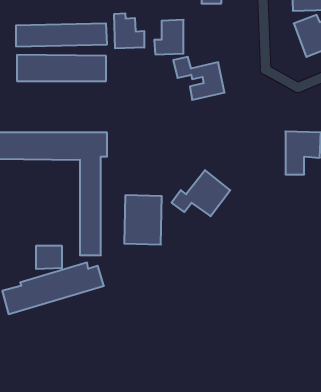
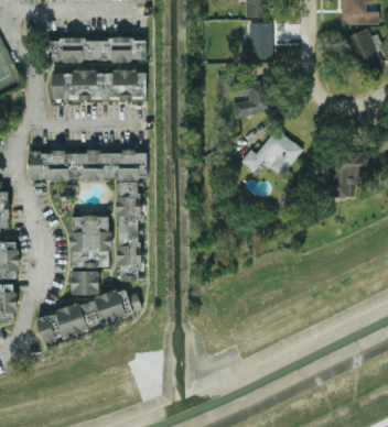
building: [114,13,144,48] -> none
building: [154,20,184,54] -> [241,22,272,58]
building: [172,170,230,216] -> [240,128,302,176]
building: [124,195,162,245] -> [71,216,110,267]

